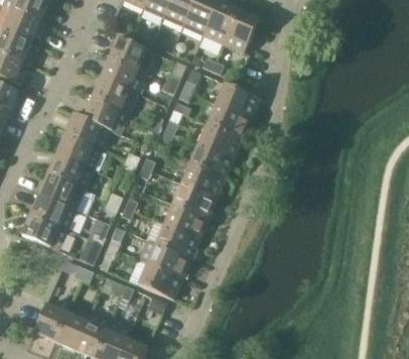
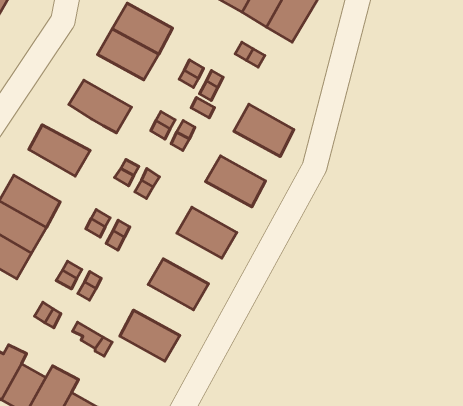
building: [92,78,138,114] -> none
building: [216,83,260,118] -> none
building: [64,113,110,149] -> none
building: [198,124,243,158] -> none
building: [47,153,93,190] -> none
building: [181,163,226,199] -> none
building: [164,204,208,239] -> none
building: [138,240,190,279] -> none

